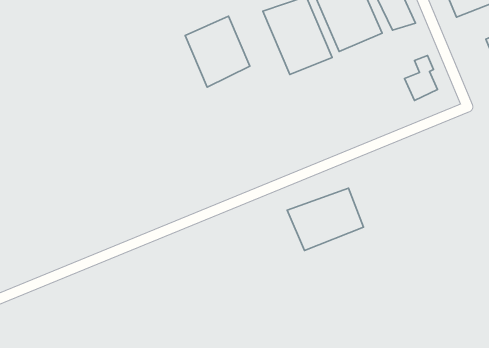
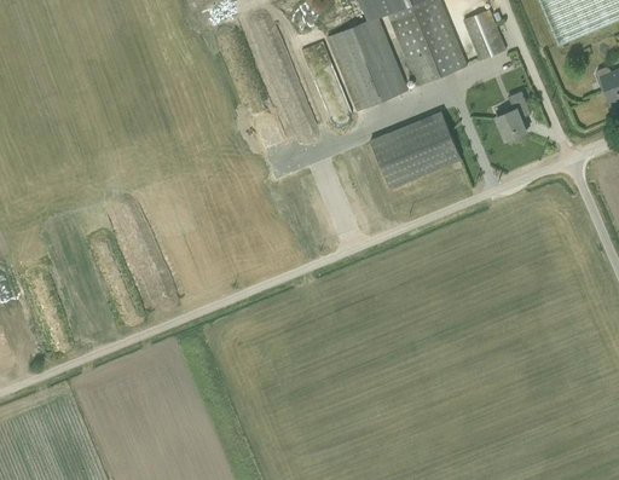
building: [185,16,250,87] -> none
building: [287,188,364,250] -> [368,112,459,187]

